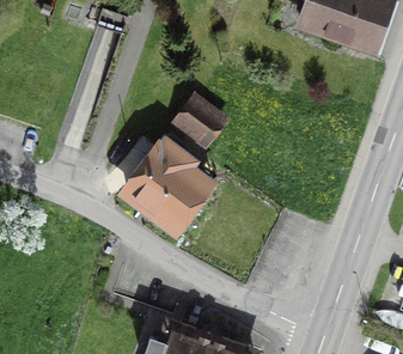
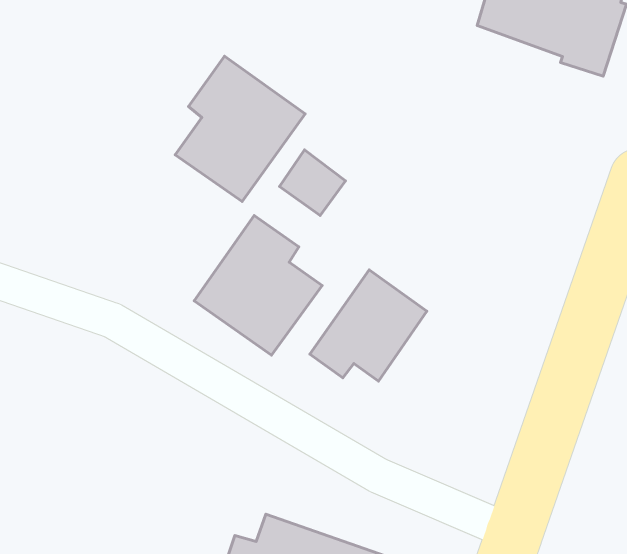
building: none -> [175,56,305,201]
building: none -> [310,270,427,381]

